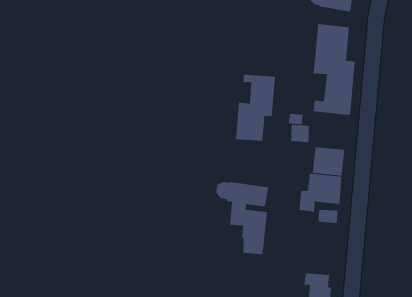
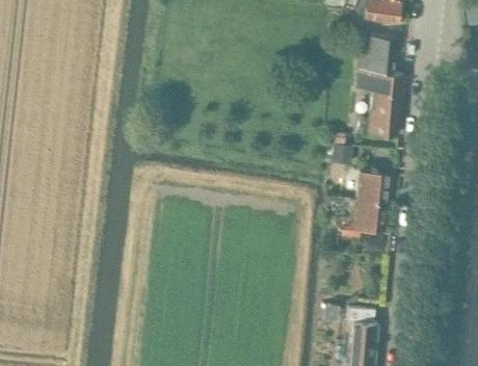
building: [235,74,275,141] -> none
building: [215,181,269,255] -> none

